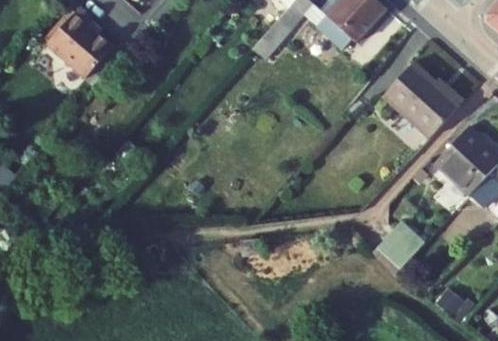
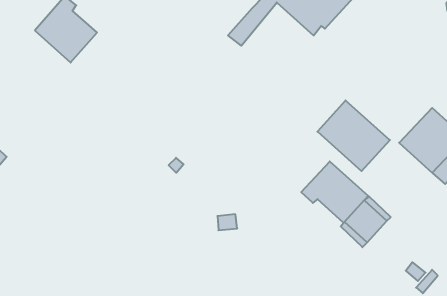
building: [383,62,460,137] -> [317,100,390,171]
building: none -> [301,161,368,223]

